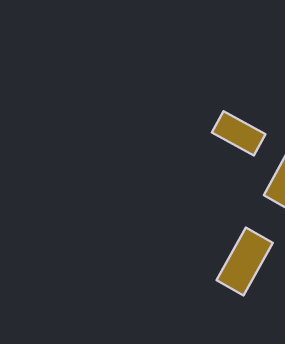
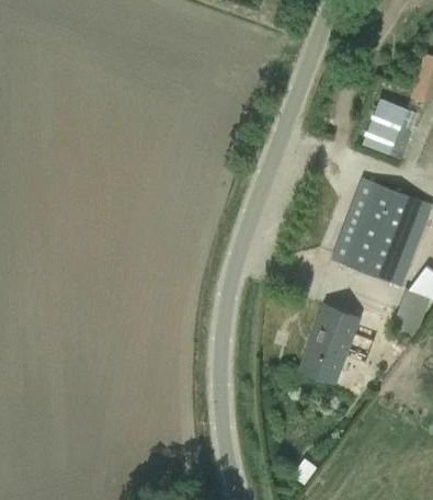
building: [212,111,265,156] -> none

